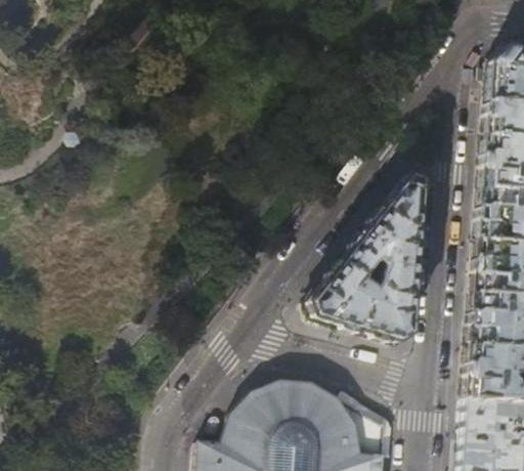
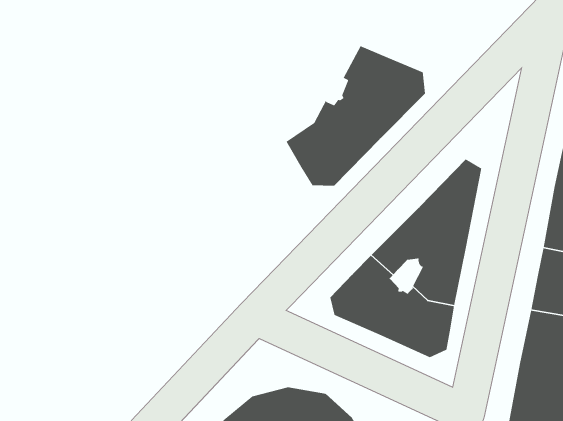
building: none -> [286,45,426,186]

